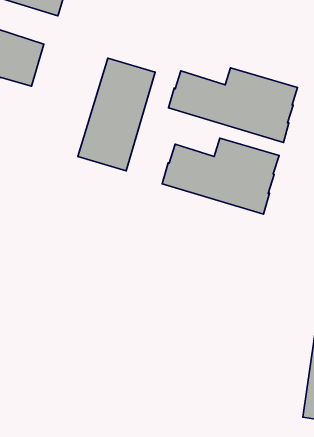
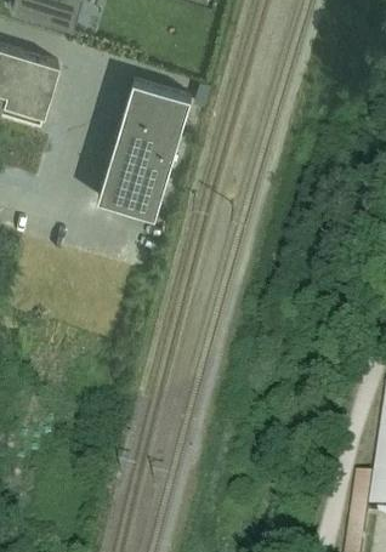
building: [169,68,298,142] -> none
building: [162,138,279,214] -> none

